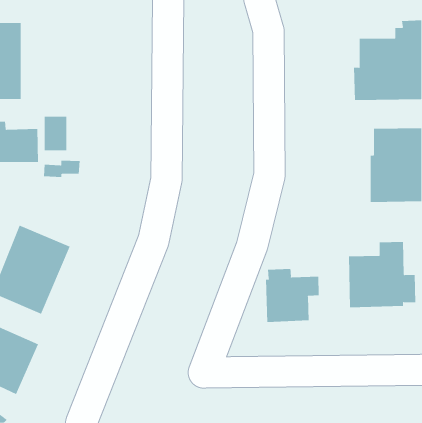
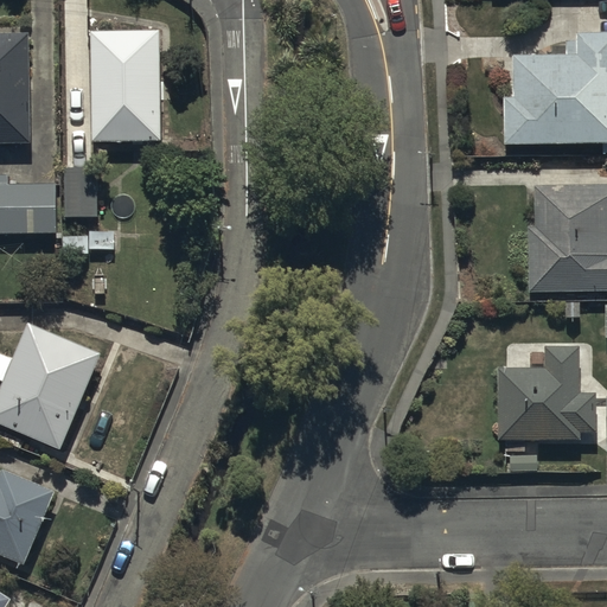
building: none -> [90,30,160,141]
building: [265,268,319,323] -> none

